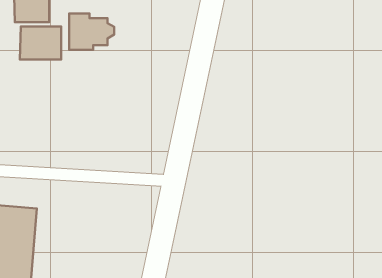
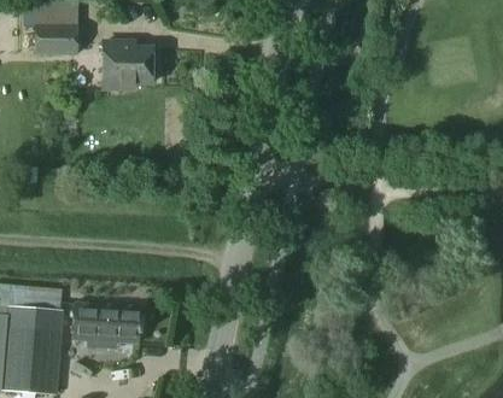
building: [20,26,61,60] -> none
building: none -> [72,303,140,349]

